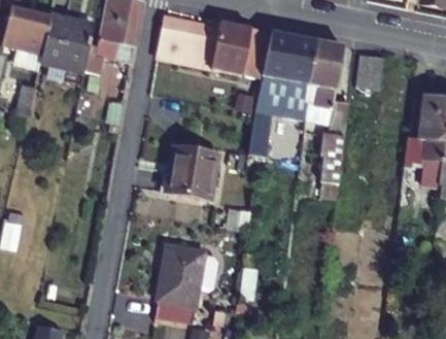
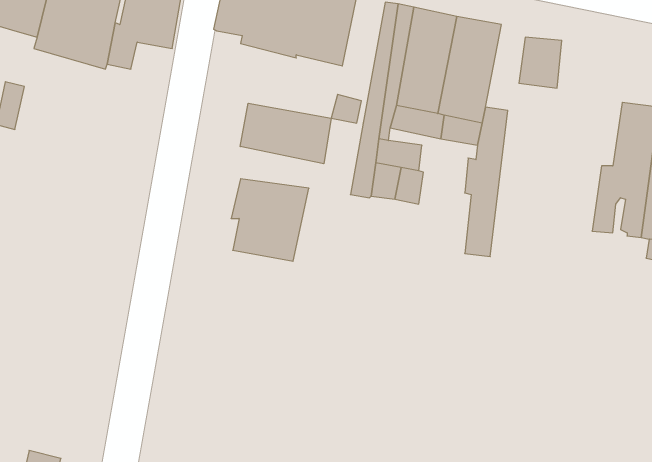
building: none -> [240,103,331,164]
building: [155,246,208,321] -> none

